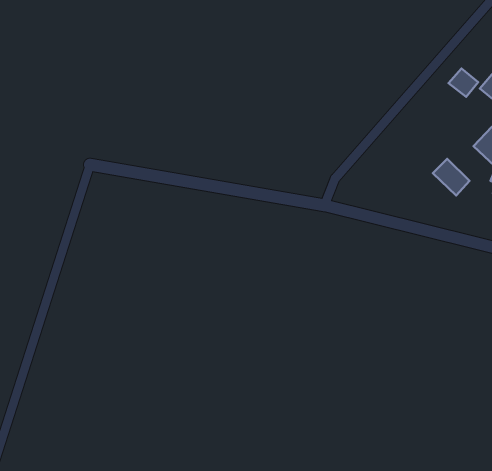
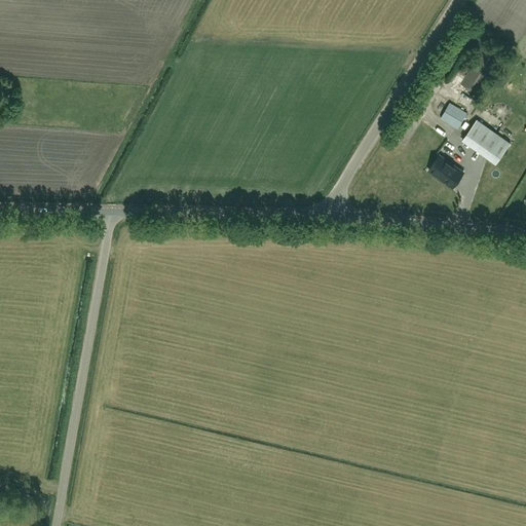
building: [448,69,478,97] -> [439,103,466,128]

